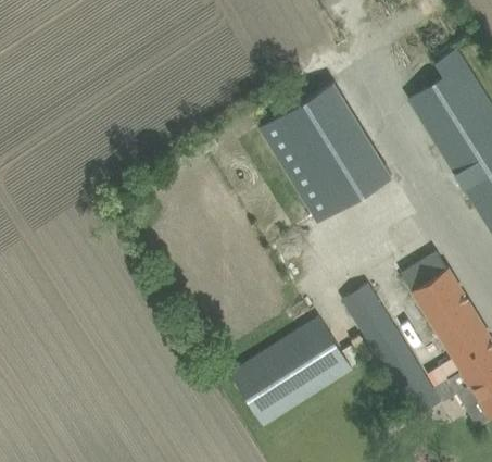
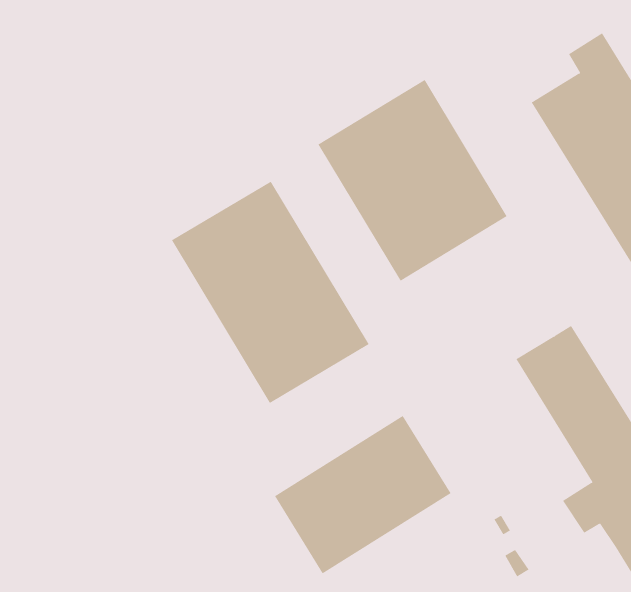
building: none -> [171,181,370,404]
building: [343,284,441,417] -> none

